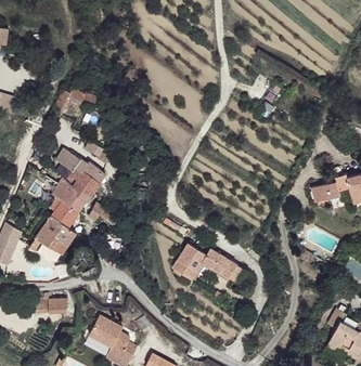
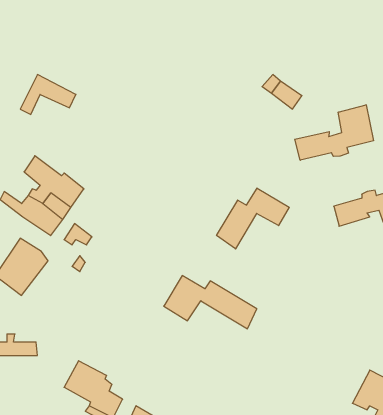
building: none -> [295,105,373,160]
building: none -> [217,188,289,249]
building: [46,197,77,225] -> none

